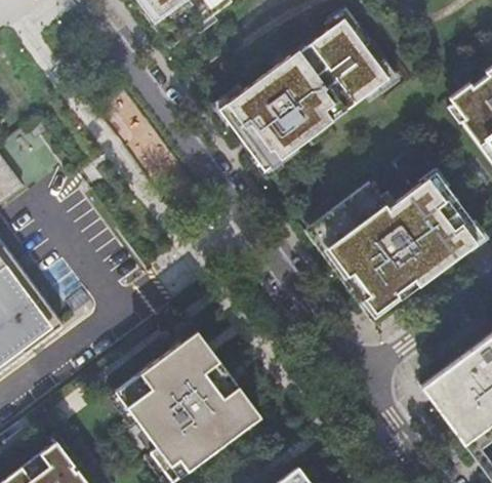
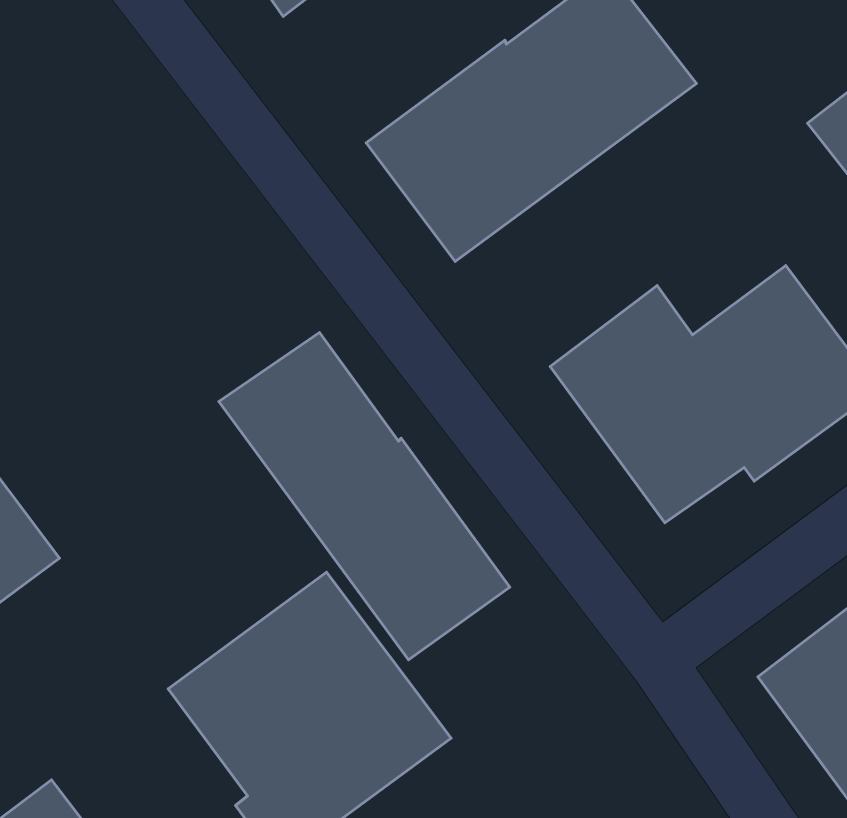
building: none -> [219,332,510,660]

